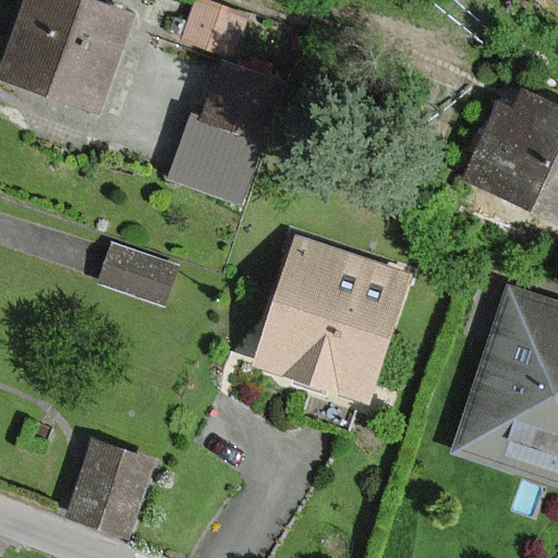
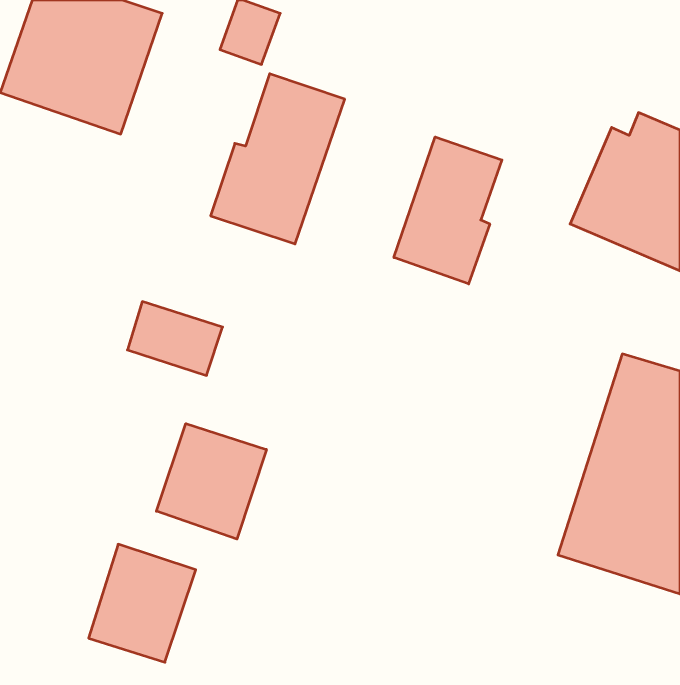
building: none -> [394,137,502,284]
building: [256,240,408,400] -> none
building: none -> [156,424,266,539]

